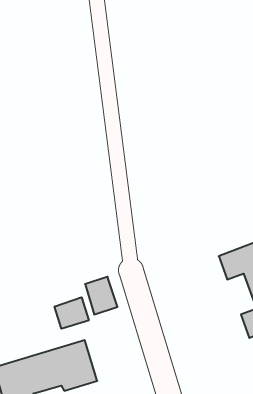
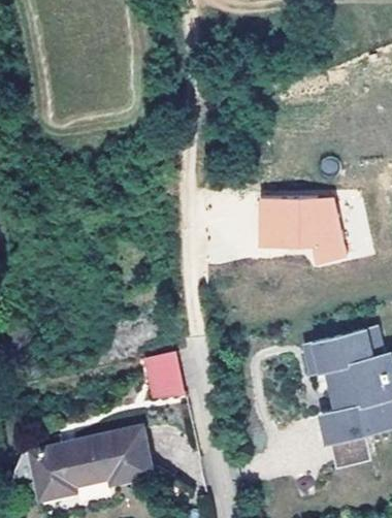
building: none -> [255,199,342,268]
building: [55,297,89,329] -> none

